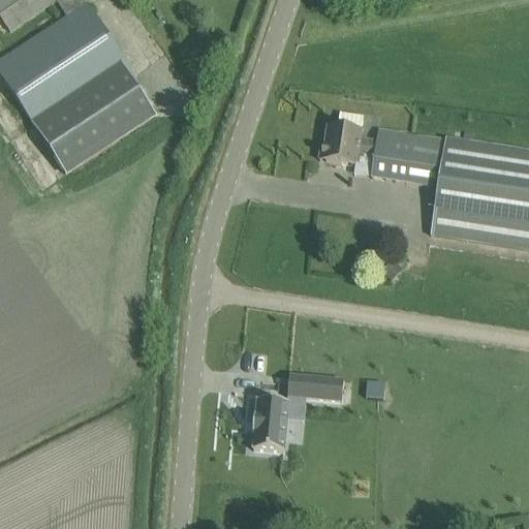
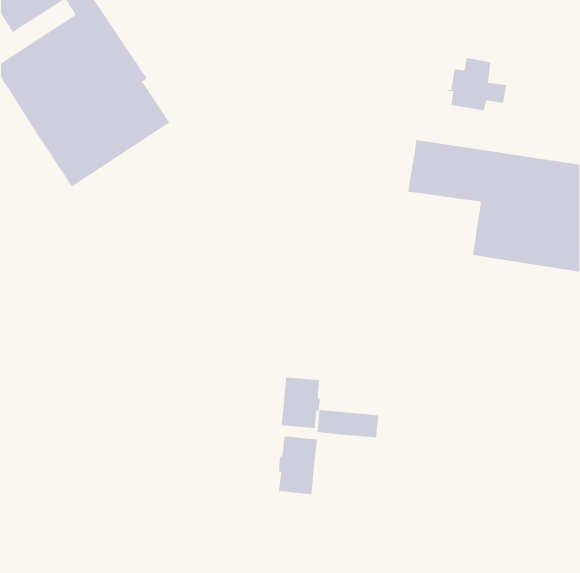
building: [321,114,377,162] -> [446,58,507,111]
building: none -> [281,376,320,429]

